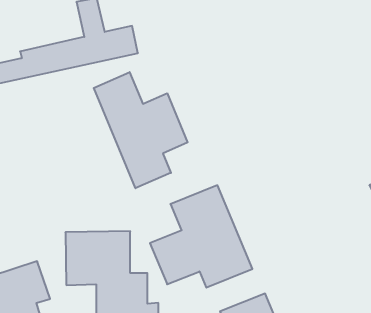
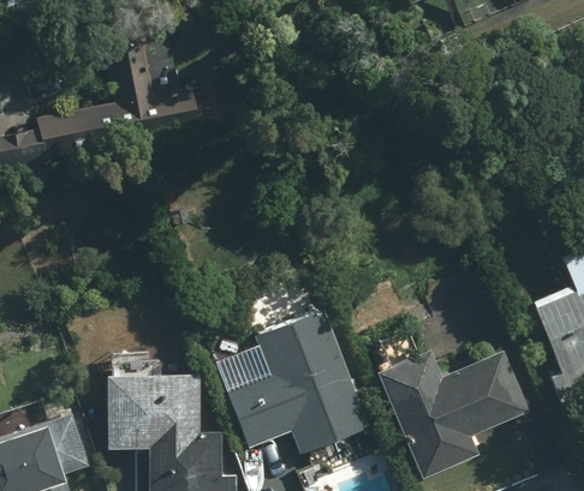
building: [94,72,188,188] -> none
building: none -> [377,351,528,479]

